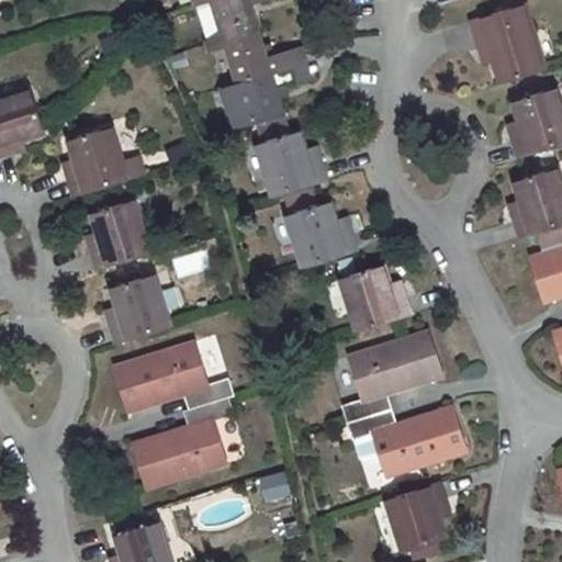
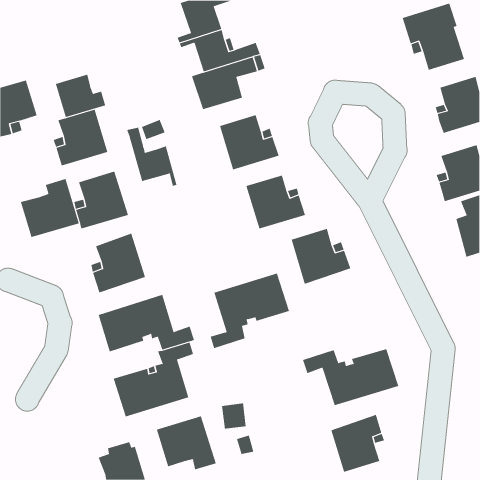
building: none -> [55,74,106,118]
building: none -> [127,127,177,186]
building: none -> [20,178,79,238]
building: [348,331,441,420] -> [210,273,290,349]
building: none -> [156,415,216,470]

